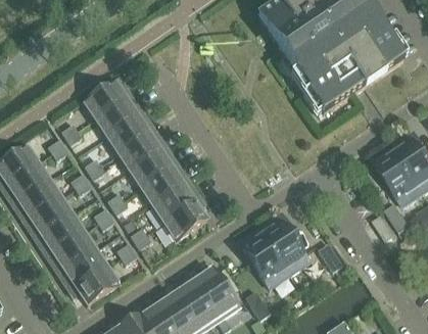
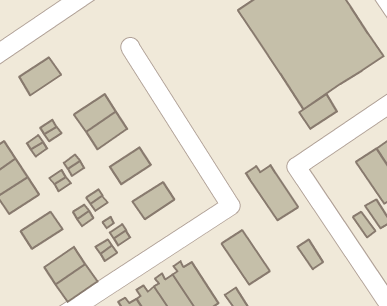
building: [83,80,125,117] -> [19,57,61,95]
building: none -> [299,94,337,129]
building: [117,132,159,170] -> none
building: [141,168,183,204] -> none
building: [30,197,70,234] -> none
building: [164,202,205,240] -> none
building: [257,219,310,274] -> [246,165,298,220]
building: [52,232,94,270] -> none

